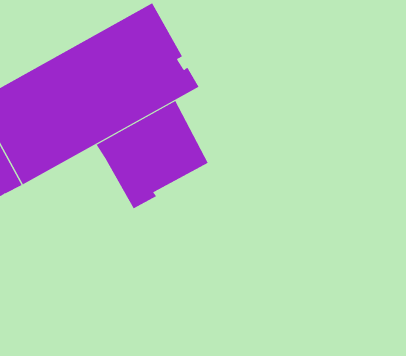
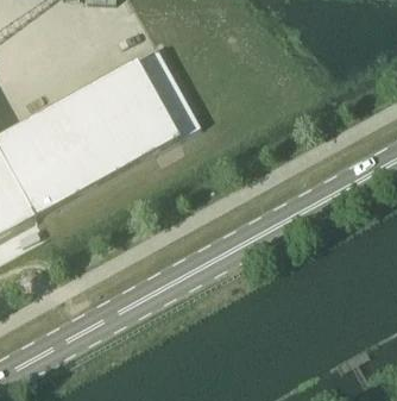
building: [96,100,209,209] -> none

